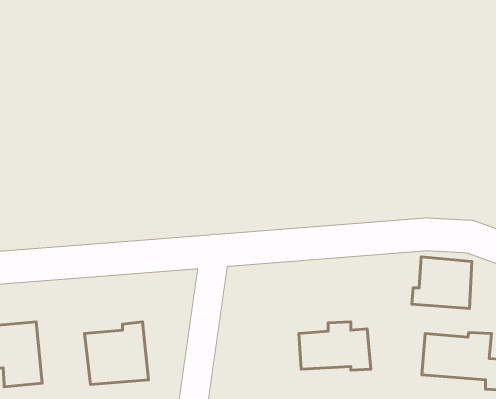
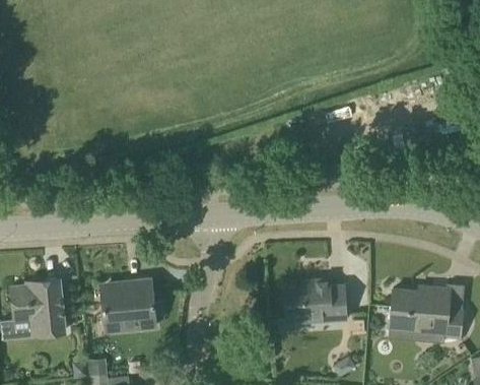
building: [412,257,472,309] -> none

